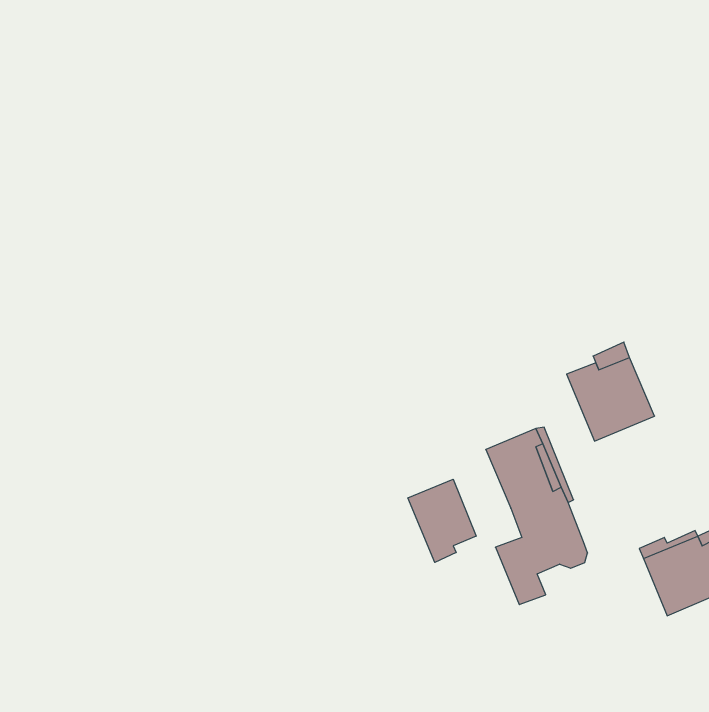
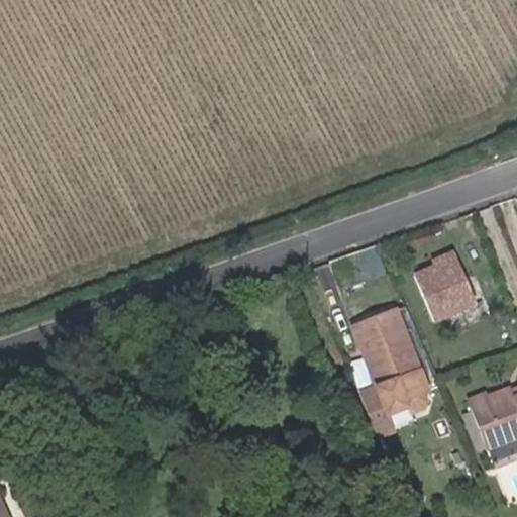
building: [408,479,476,562] -> none

